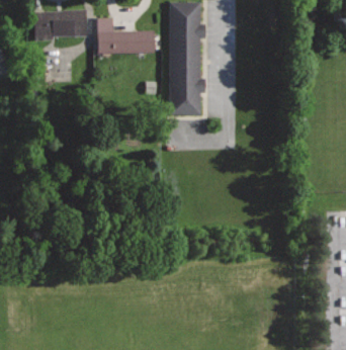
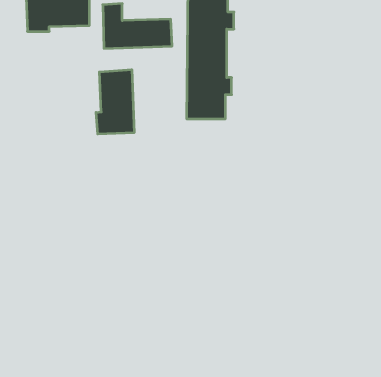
building: none -> [96,70,134,134]

